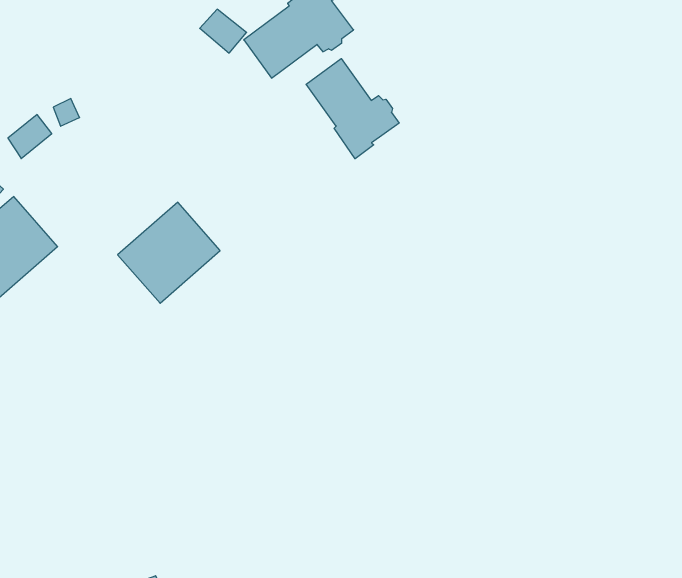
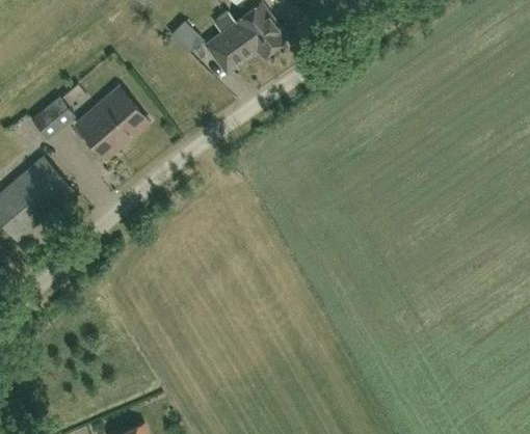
building: [306,59,399,159] -> none
building: [118,202,220,303] -> [75,86,148,158]

